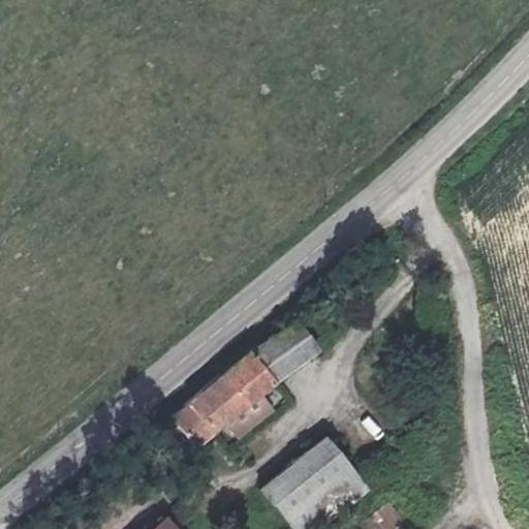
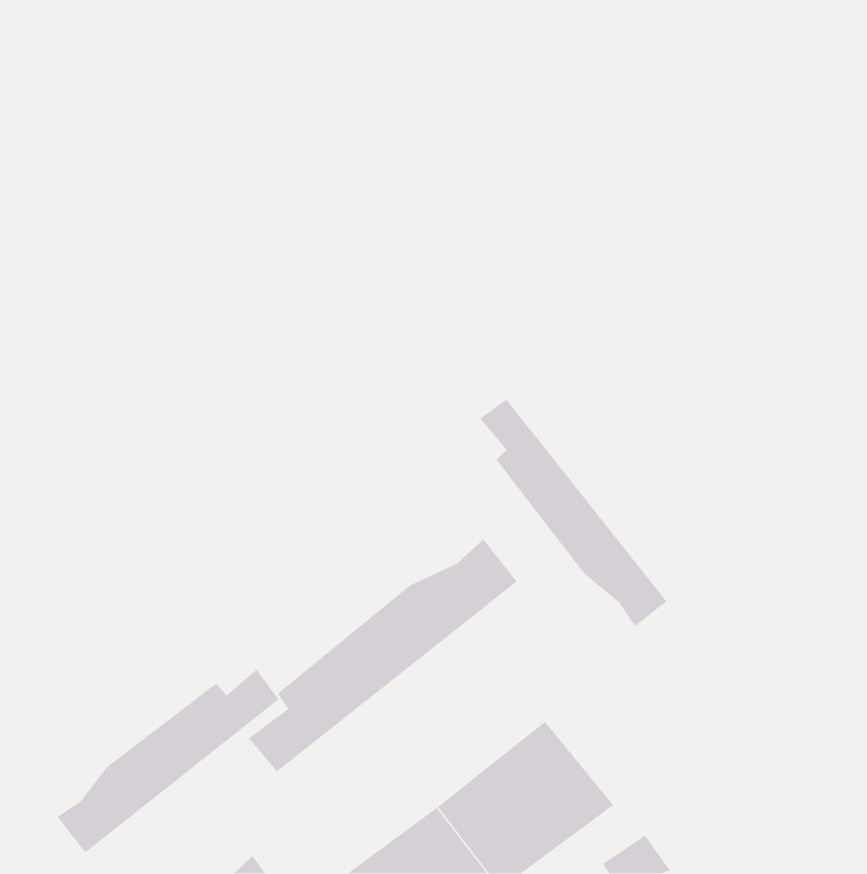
building: none -> [479,398,667,627]
building: none -> [56,669,280,853]

